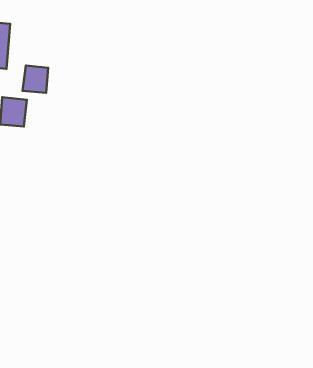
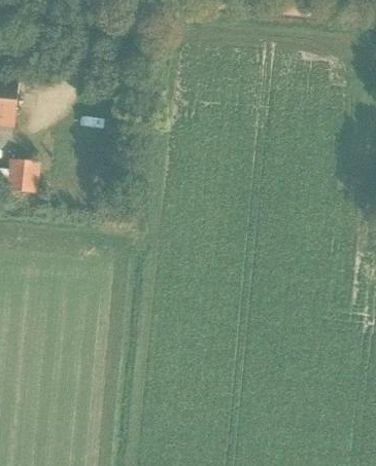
building: [23,65,48,93] -> none

